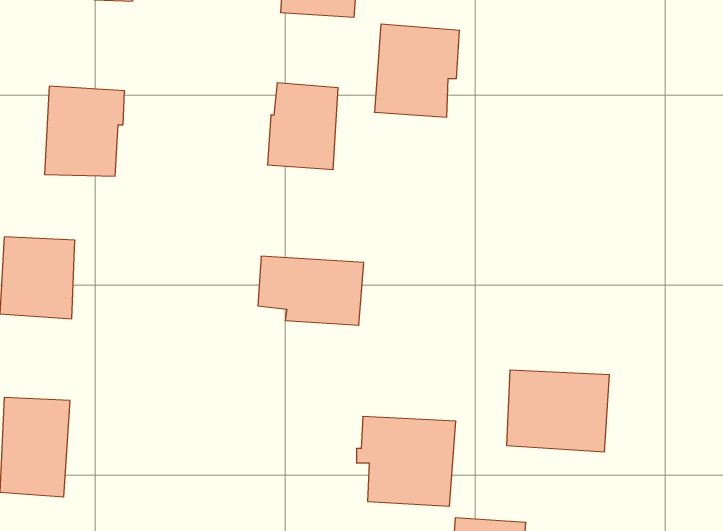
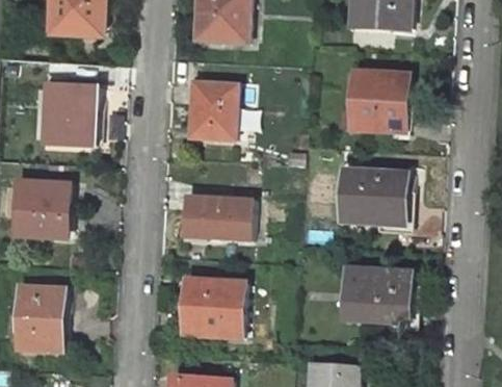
building: [374,24,460,117] -> [350,71,405,131]
building: none -> [342,170,412,225]
building: [356,416,456,506] -> [179,279,243,337]

